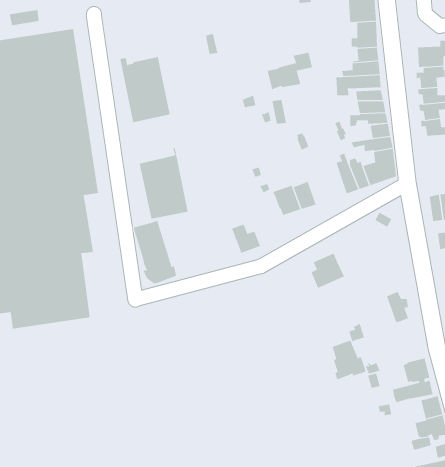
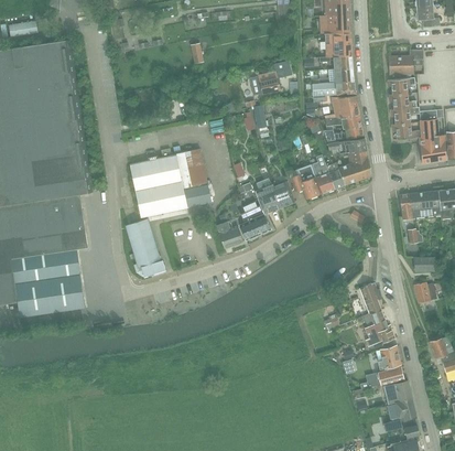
building: [119,56,170,123] -> [164,148,212,210]
building: none -> [291,164,322,198]
building: [310,253,345,288] -> [239,206,271,239]
building: [332,340,366,380] -> [364,309,396,346]

